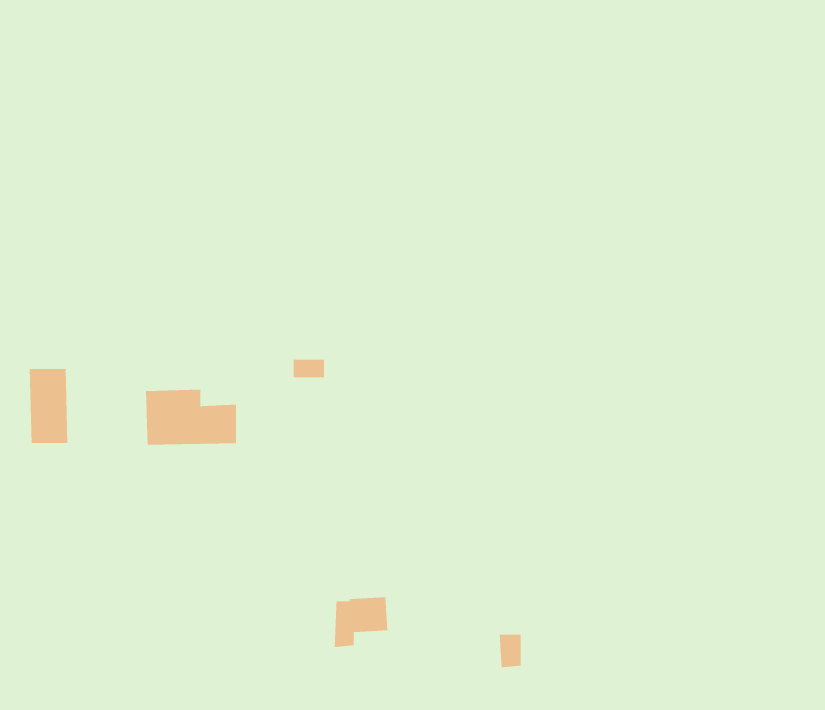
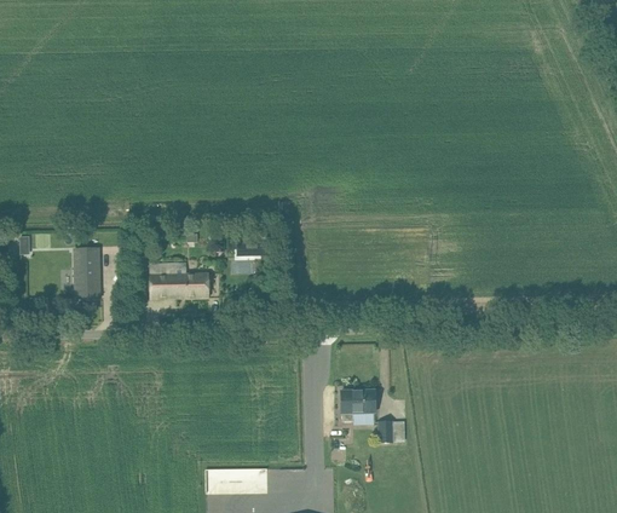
building: [334,597,388,647] -> [340,390,375,422]

